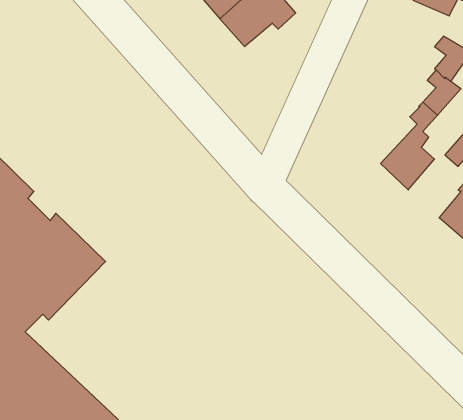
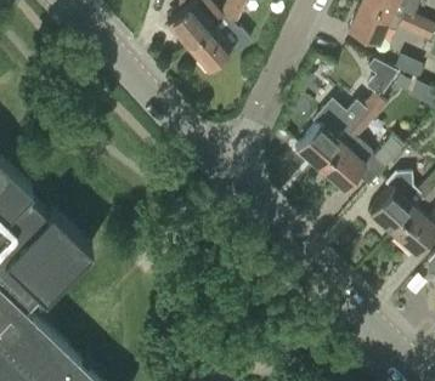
building: none -> [298,106,355,164]

